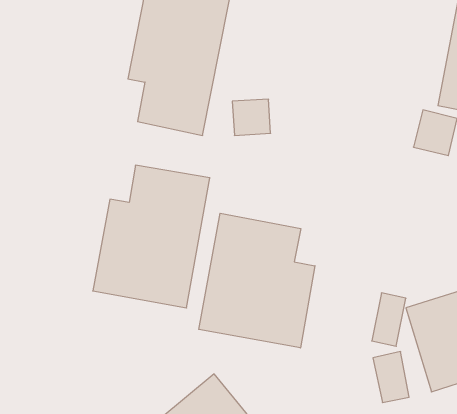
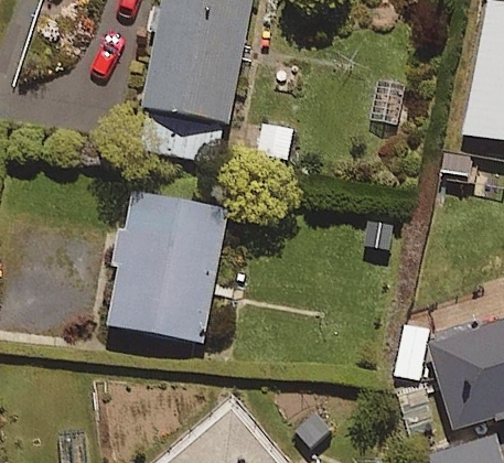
building: [199,213,315,348] -> none

